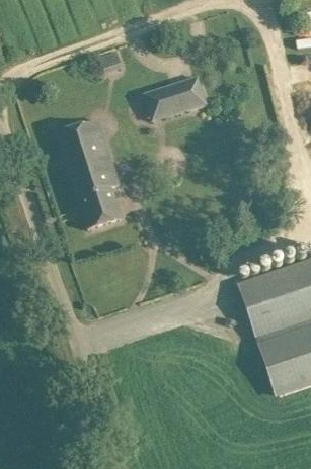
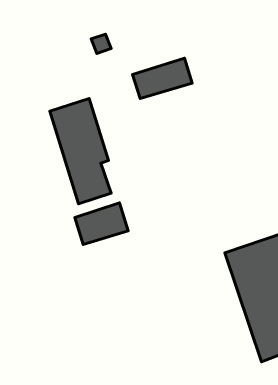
building: none -> [75,203,128,244]

